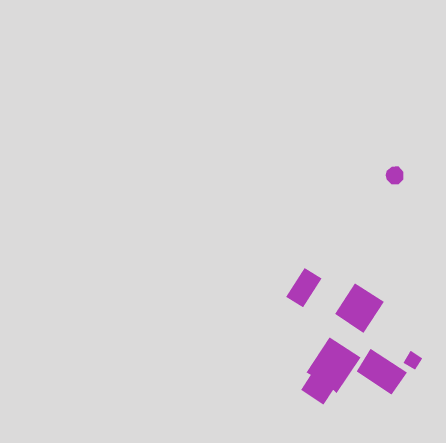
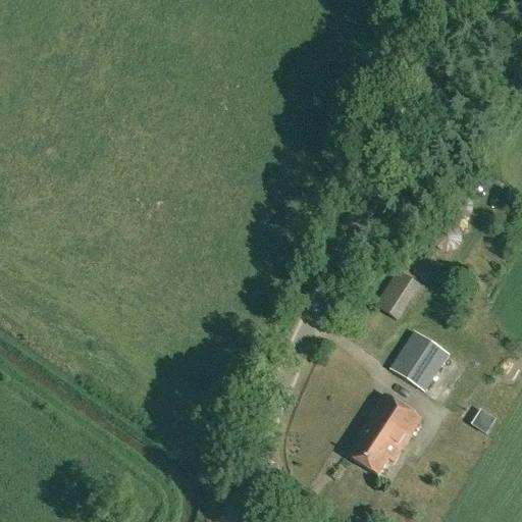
building: [285,267,323,308] -> [374,270,418,318]
building: [356,348,408,396] -> none

